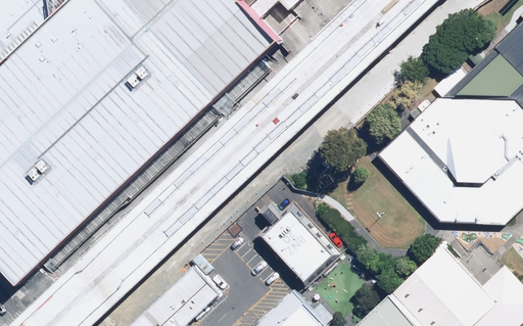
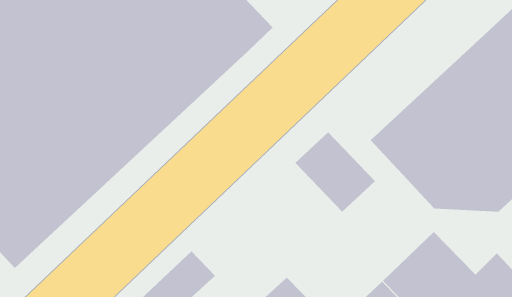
building: [257,203,339,285] -> [295,131,376,212]

